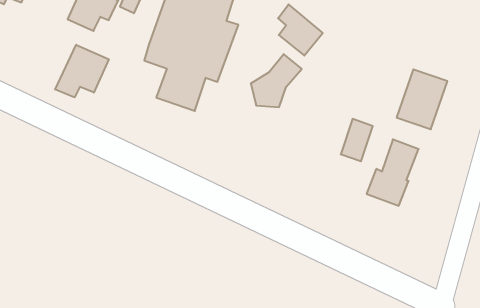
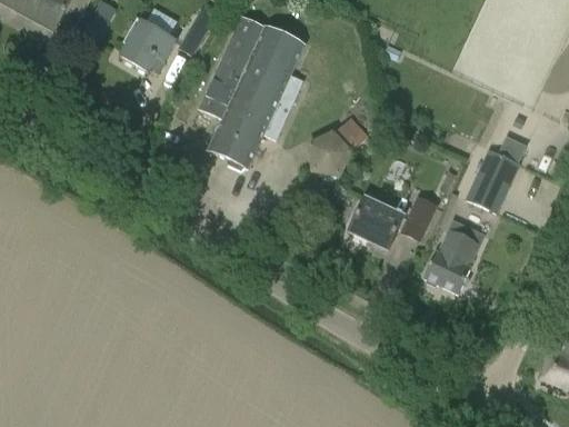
building: [278,4,323,56] -> none
building: [55,45,109,97] -> none
building: none -> [347,195,405,250]

